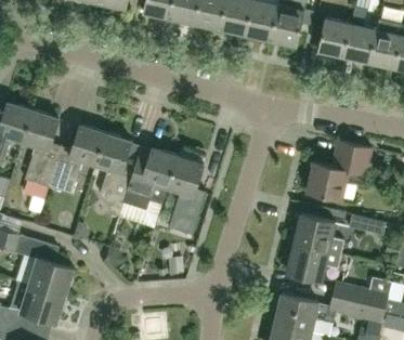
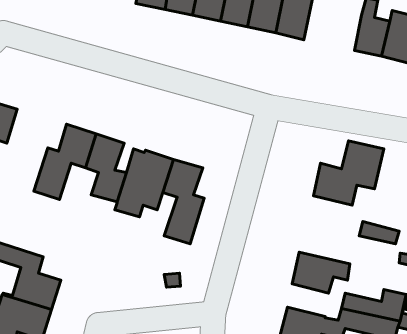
building: [318,18,351,56] -> none
building: [24,110,62,199] -> none
building: [294,214,343,253] -> none

